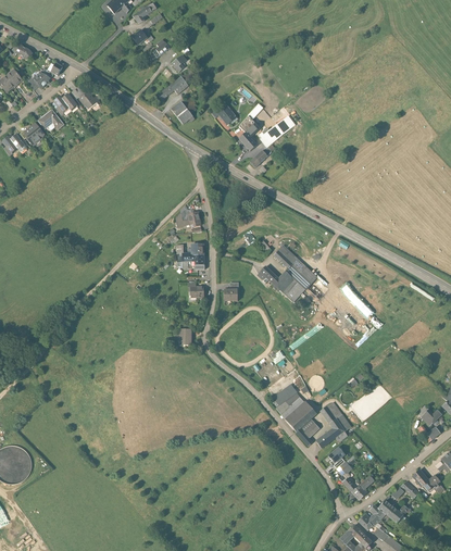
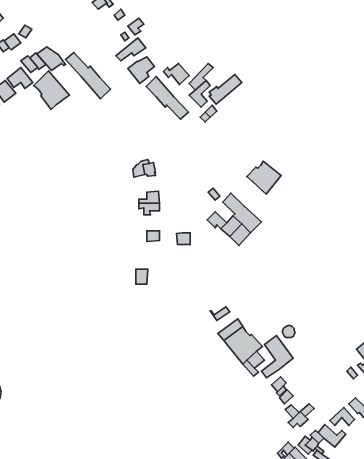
building: none -> [65,52,111,99]
building: none -> [34,71,69,109]
building: none -> [146,77,189,119]
building: none -> [247,161,281,194]

